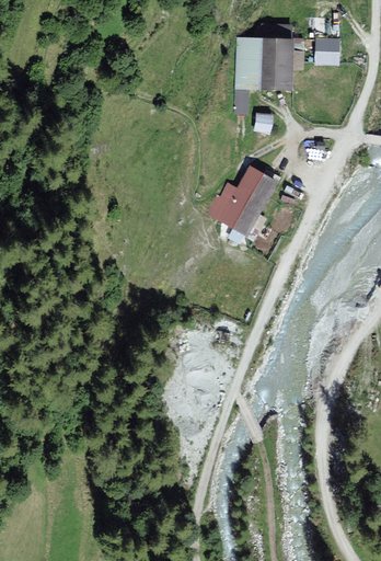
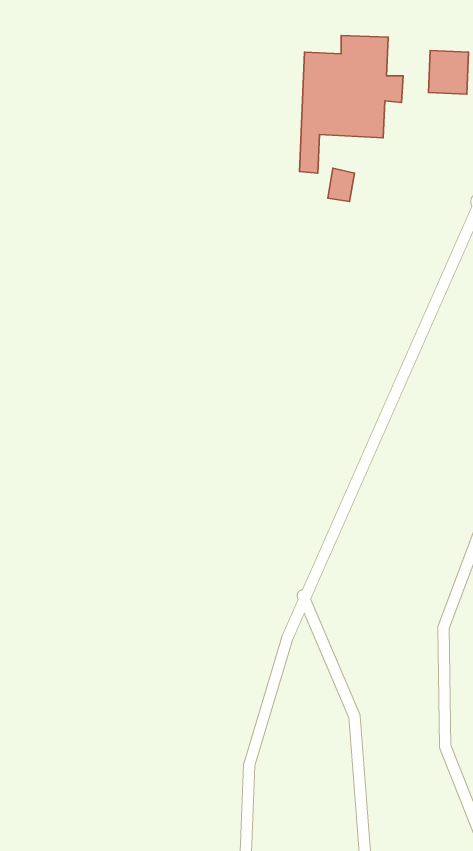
building: [204,168,278,238] -> none

